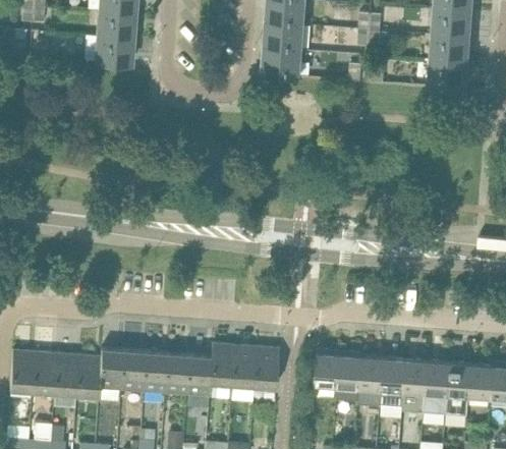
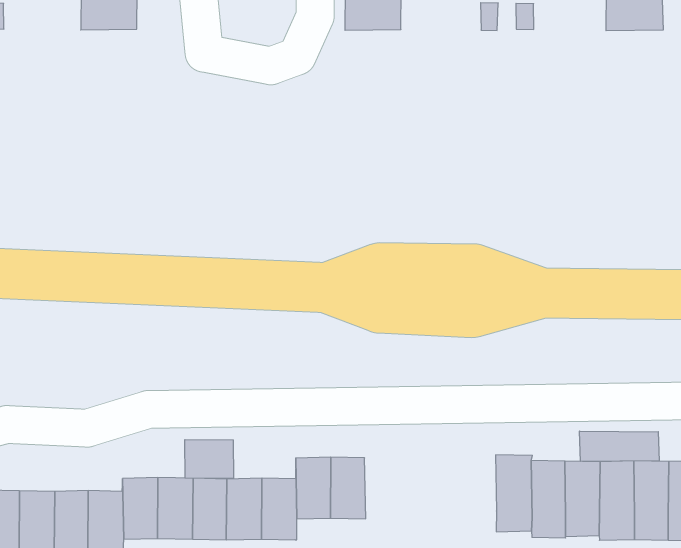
building: none -> [185,440,233,478]
building: none -> [580,431,659,461]
building: [254,346,279,387] -> none
building: [315,349,339,386] -> none

